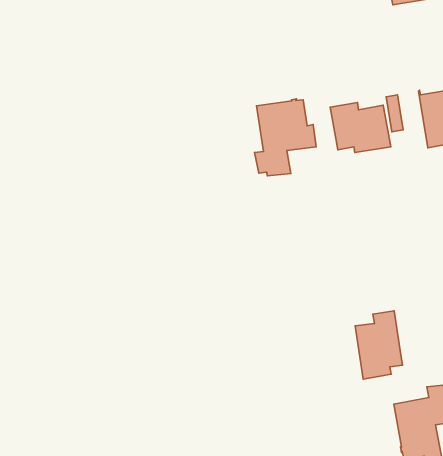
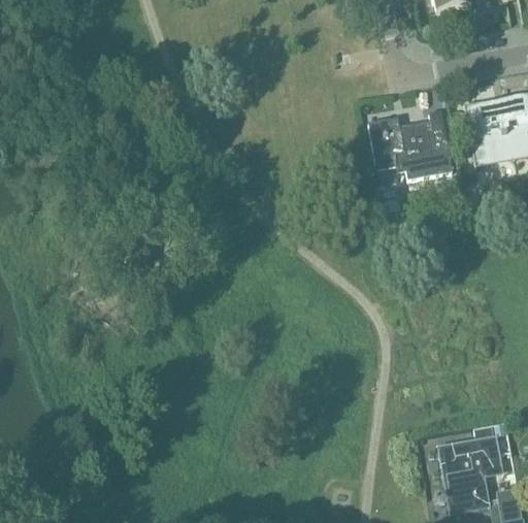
building: [255,99,316,176] -> none
building: [355,311,403,379] -> none

